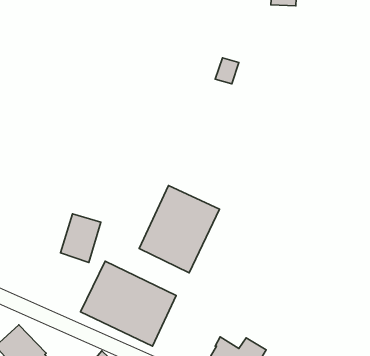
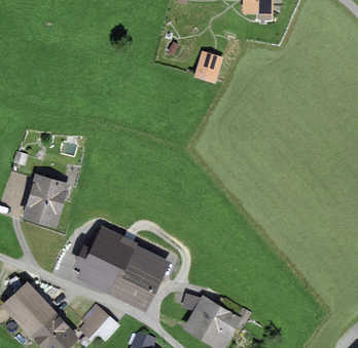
building: [139,186,219,273] -> none
building: [61,214,101,262] -> [28,176,63,218]

